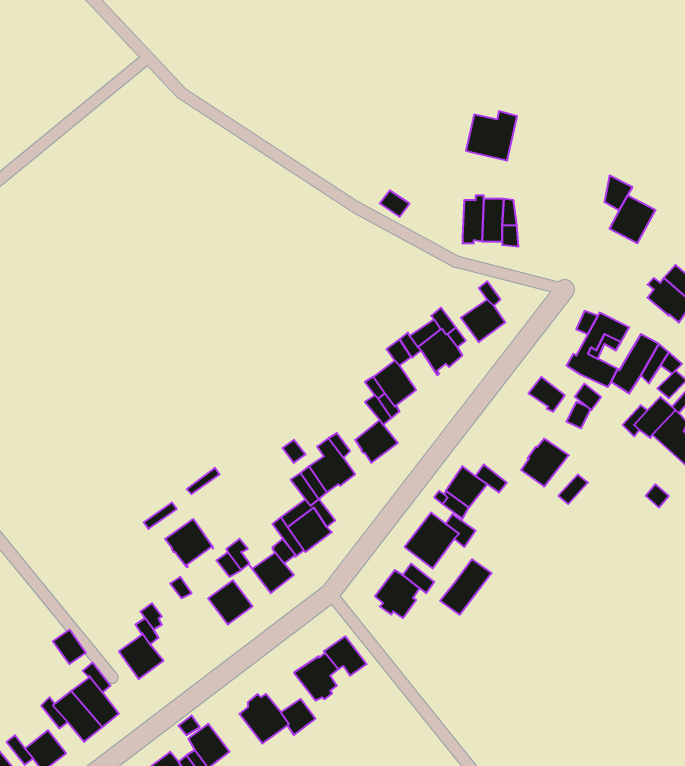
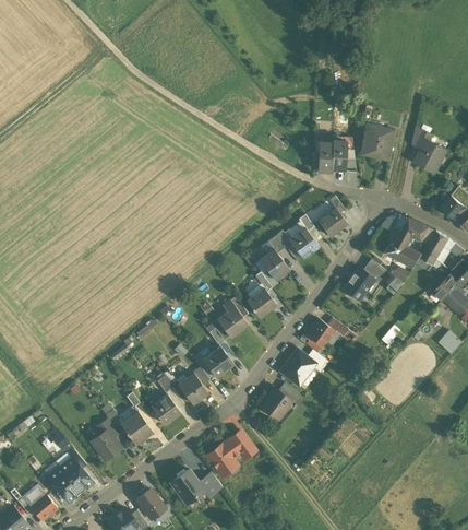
building: [466,111,517,161] -> [360,128,394,161]
building: [521,439,569,487] -> [343,269,374,301]
building: [165,519,213,567] -> [120,413,152,445]
building: [440,559,492,615] -> none

